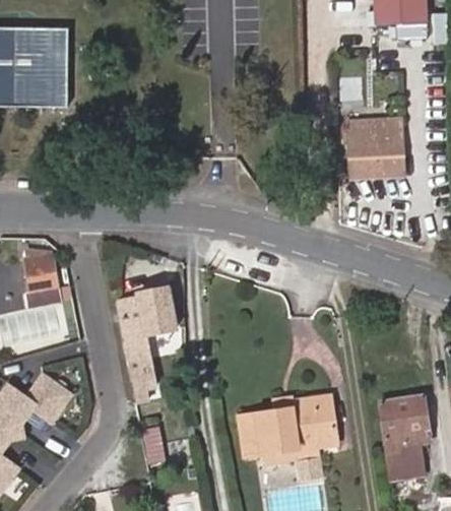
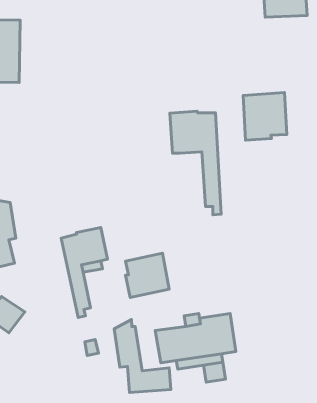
building: none -> [170,111,221,215]
building: none -> [125,253,169,297]
building: [379,393,430,476] -> none
building: none -> [114,319,171,392]

